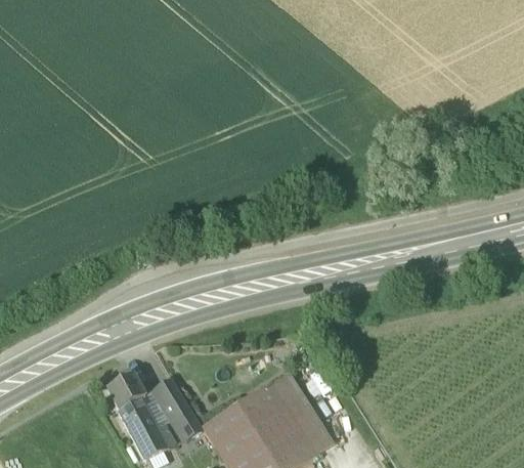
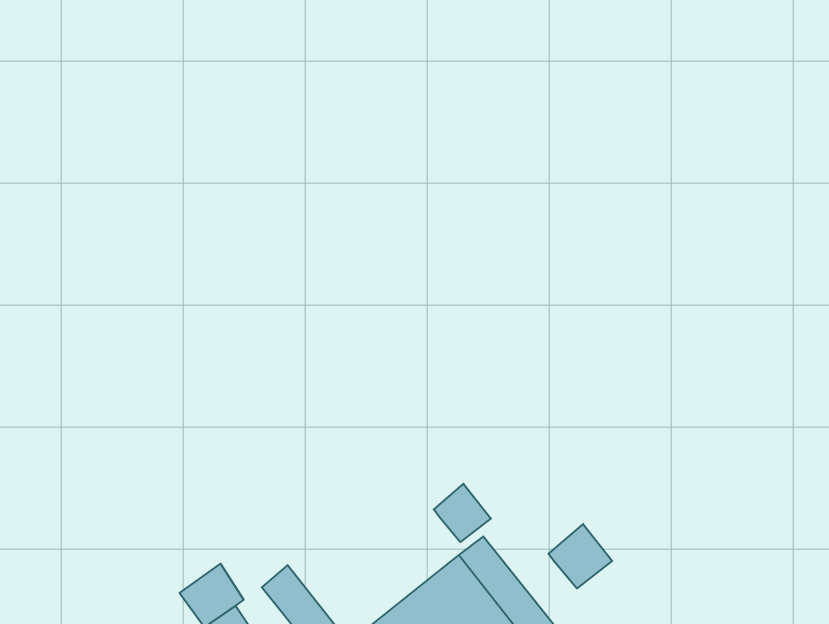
building: none -> [434,484,491,542]
building: none -> [548,524,612,588]

